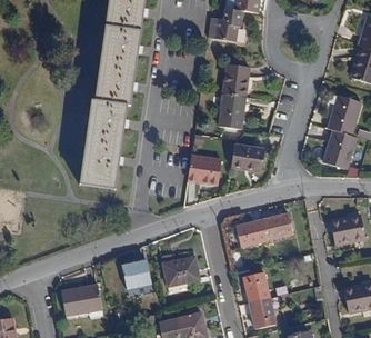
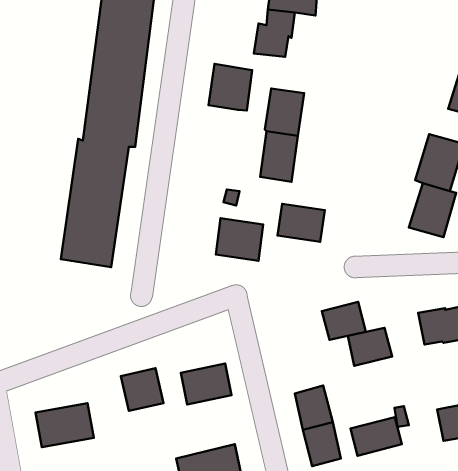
building: none -> [208,64,252,110]
building: [237,220,268,247] -> [348,328,392,366]
building: none -> [351,417,402,456]

